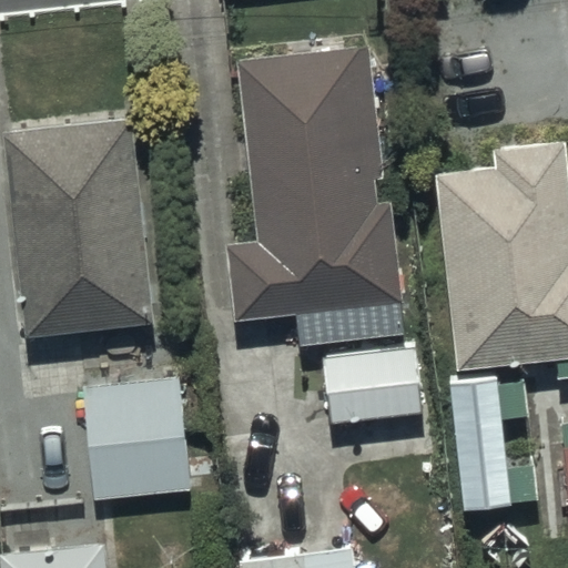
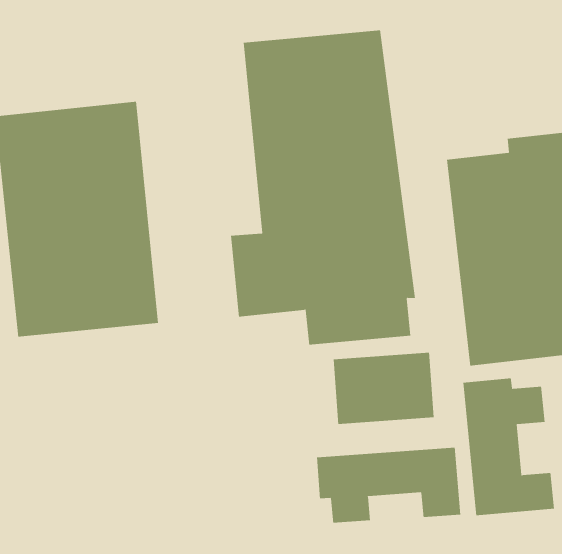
building: [84,382,194,504] -> none
building: none -> [316,447,461,524]

